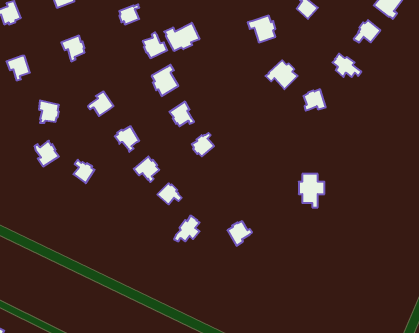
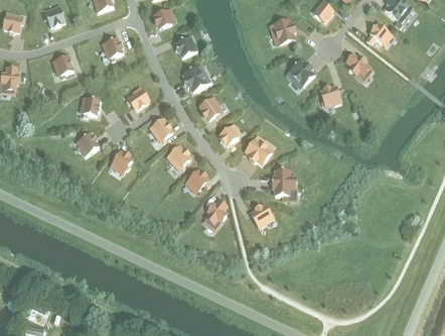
building: [164,23,199,51] -> none
building: none -> [245,135,270,163]
building: [299,174,324,207] -> [271,170,294,200]

